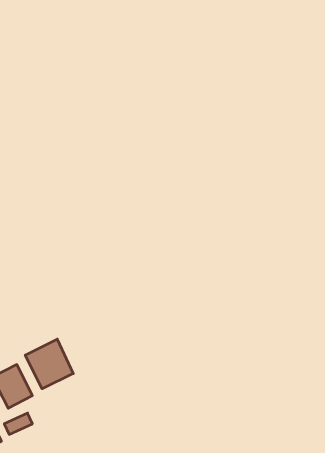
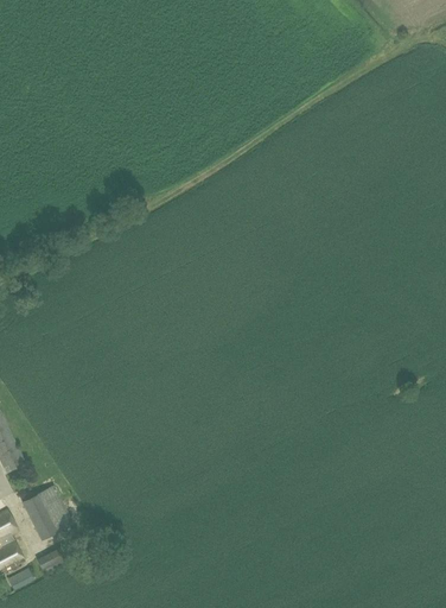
building: [25,339,73,389] -> none

